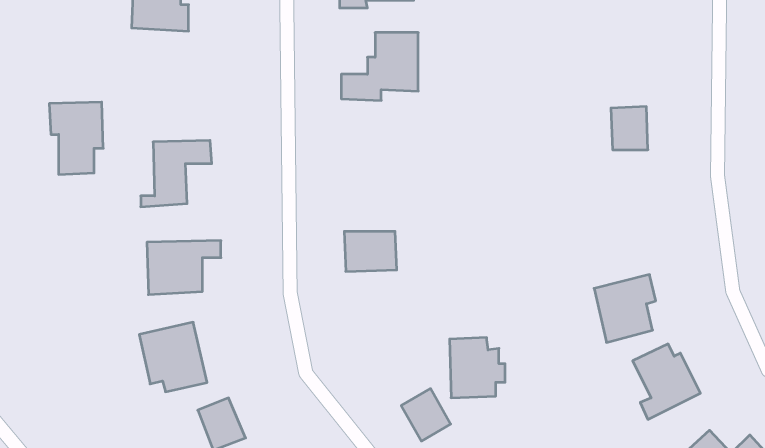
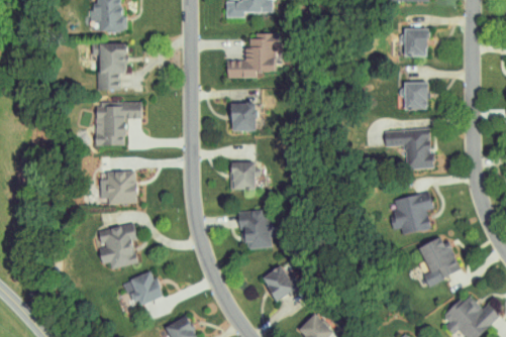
building: none -> [403,28,427,57]
building: [49,102,103,174] -> [90,43,125,91]
building: none -> [229,102,264,131]
building: none -> [384,129,432,170]
building: [450,338,505,398] -> [240,210,277,249]

